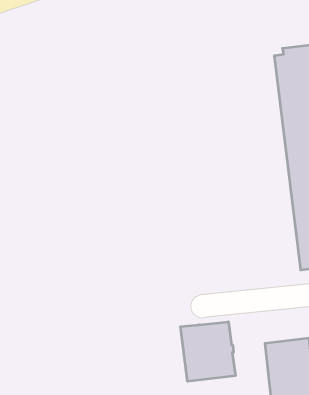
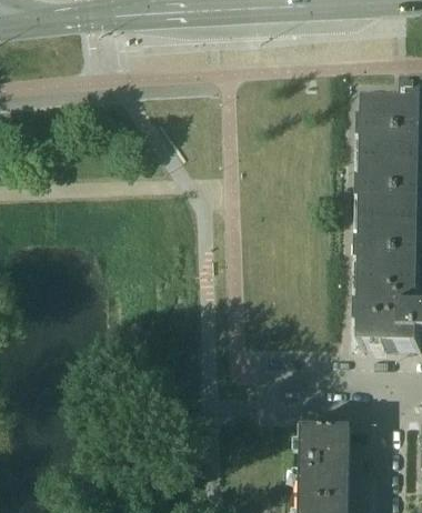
building: [181,322,235,381] -> none

